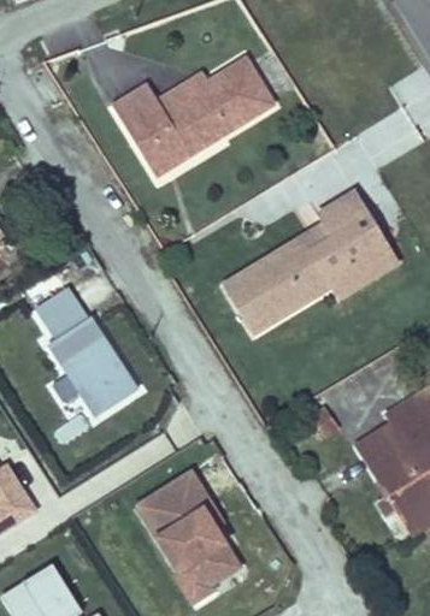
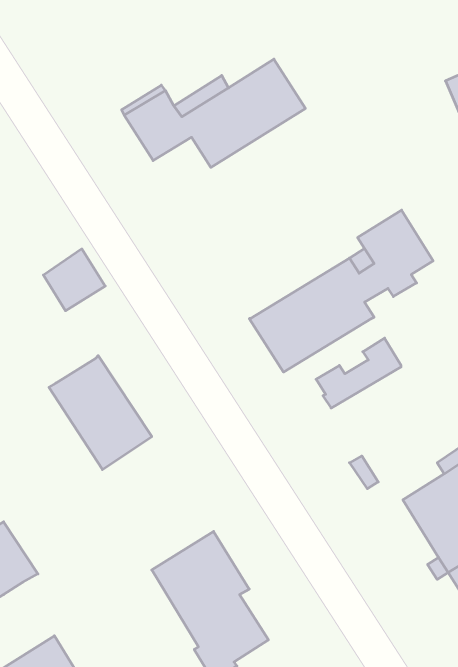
building: [139,126,189,173] -> none
building: [324,235,399,296] -> [316,338,401,408]
building: [34,288,88,342] -> [43,249,105,311]

